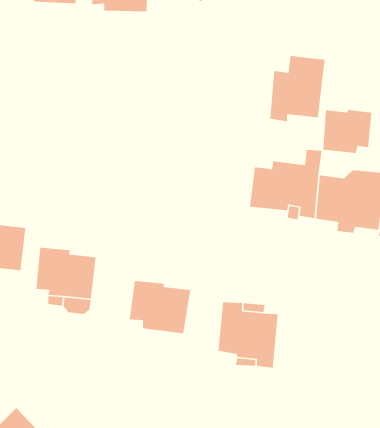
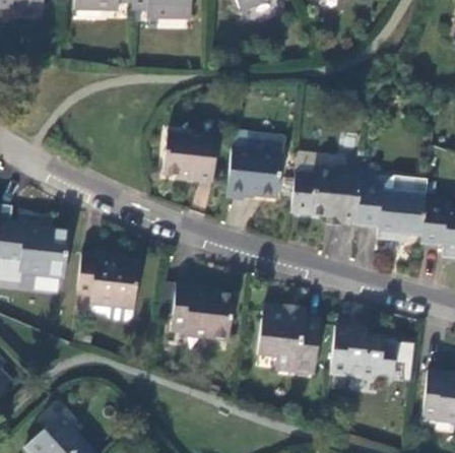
building: [270,55,326,122] -> [228,133,283,200]
building: [322,109,372,154] -> none
building: none -> [161,132,216,184]
building: none -> [330,326,395,380]

